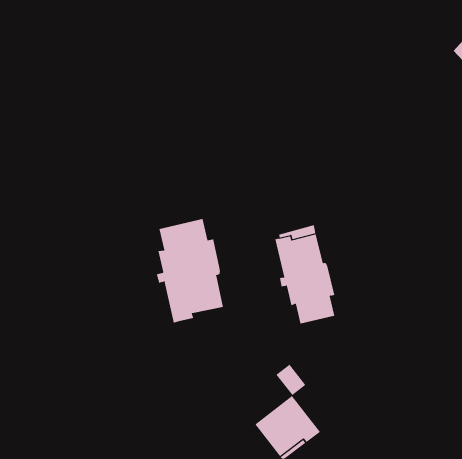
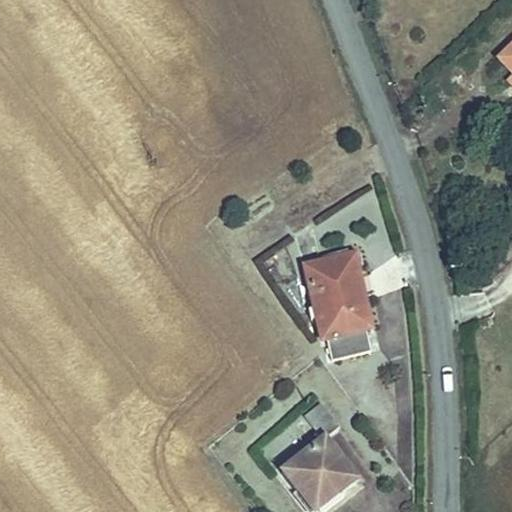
building: [156,218,223,323] -> none

